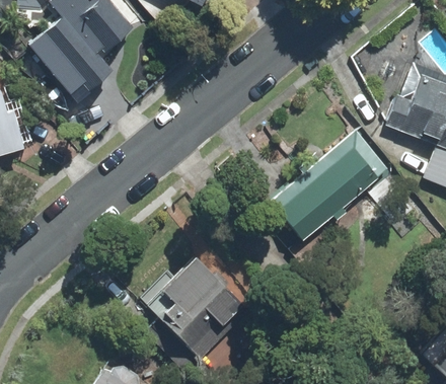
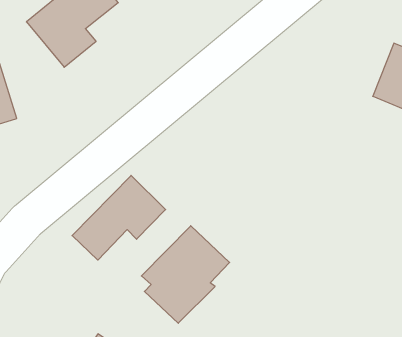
building: [276,131,388,235] -> none
building: none -> [72,175,166,260]

